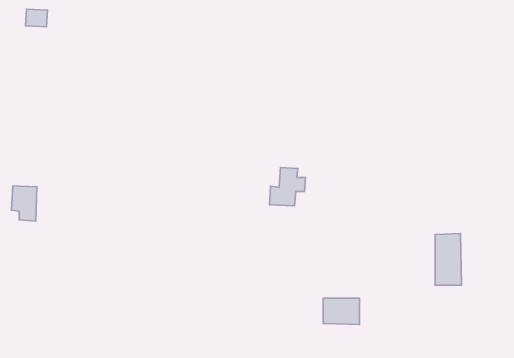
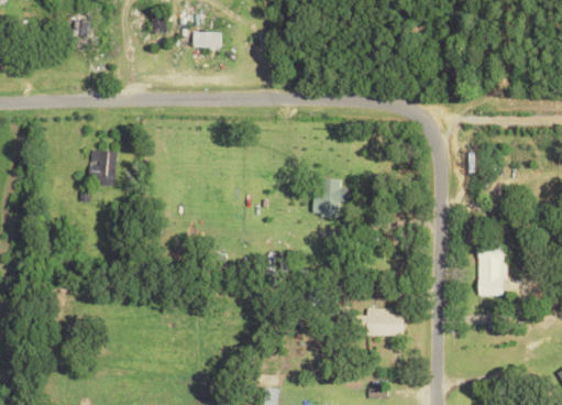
building: none -> [194,32,221,48]
building: [12,186,37,221] -> [90,151,115,186]

